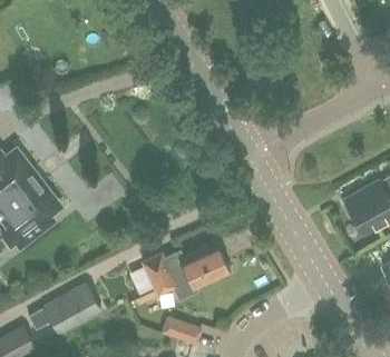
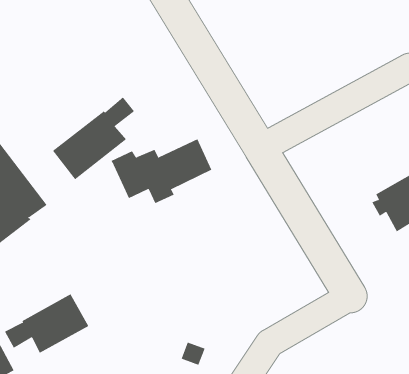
building: none -> [52,97,135,180]
building: [142,245,228,300] -> [110,139,212,204]

